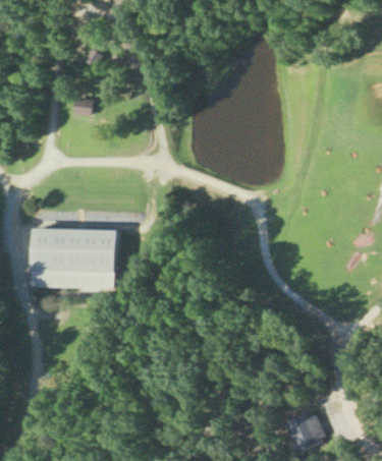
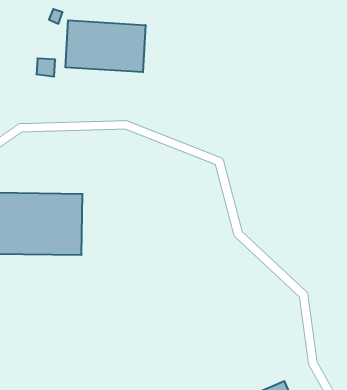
building: none -> [65,20,146,72]

